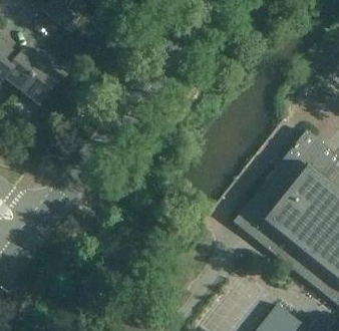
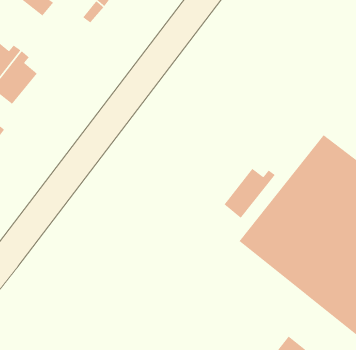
building: none -> [223,168,276,219]

